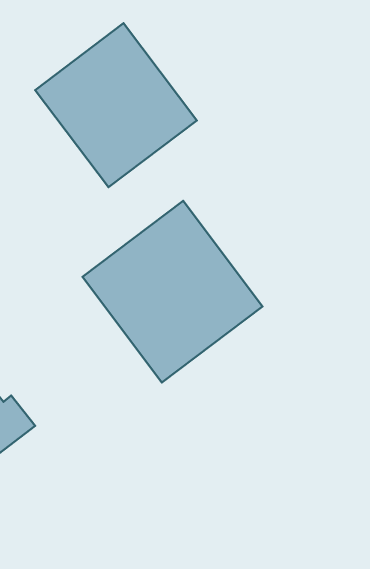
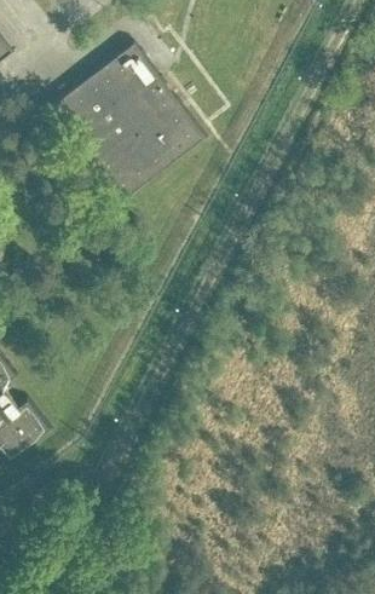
building: [82,201,262,382] -> none

